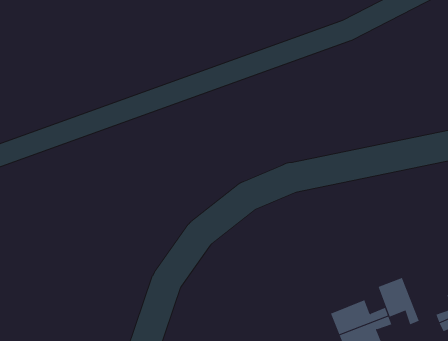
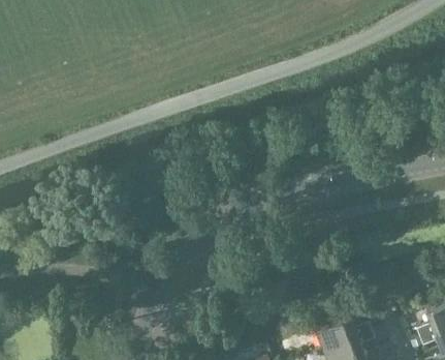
building: [378,277,420,325] -> none

